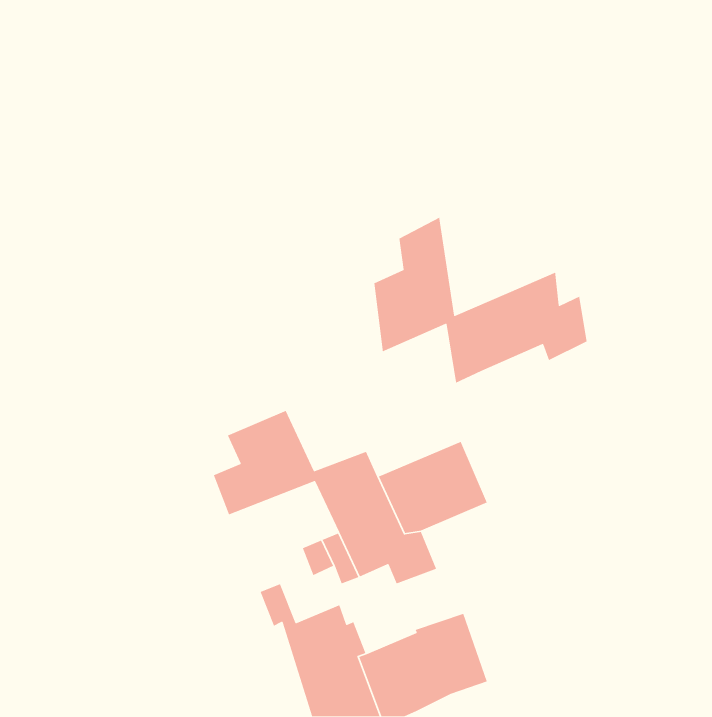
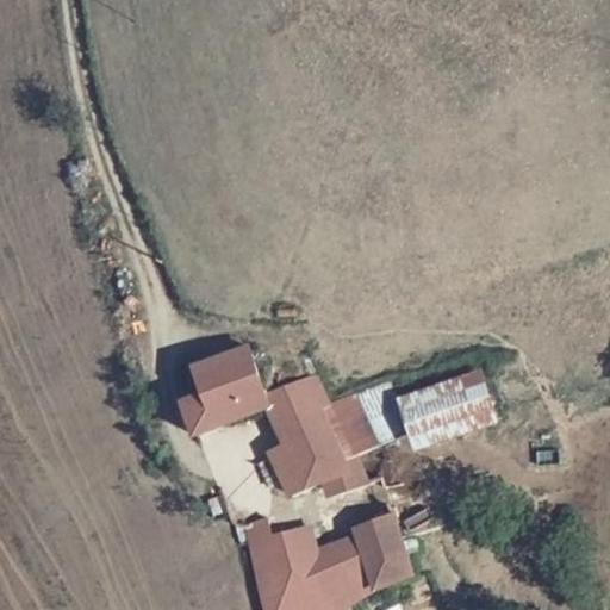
building: [373,217,587,384] -> none
building: none -> [409,367,491,437]

